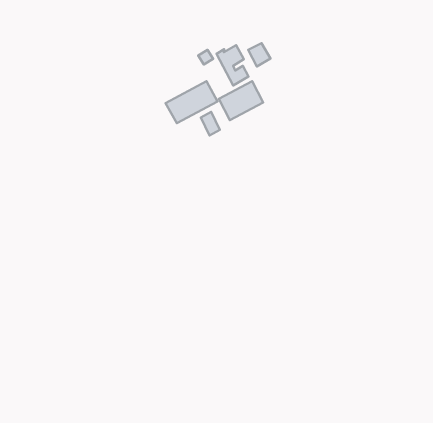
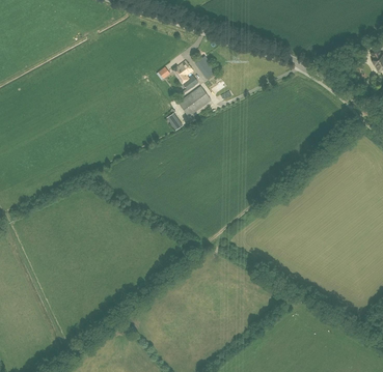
building: [166,81,218,123] -> none

